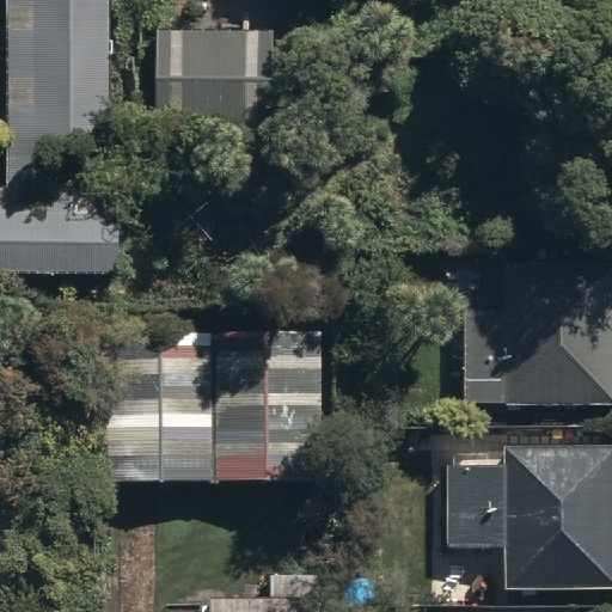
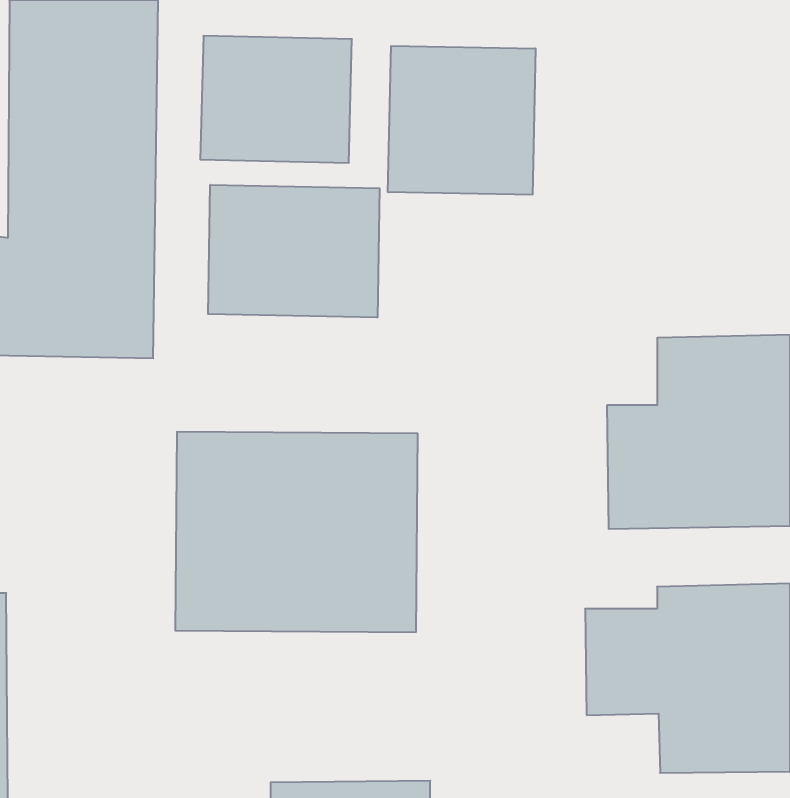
building: none -> [388,46,535,195]
building: none -> [208,185,380,318]

